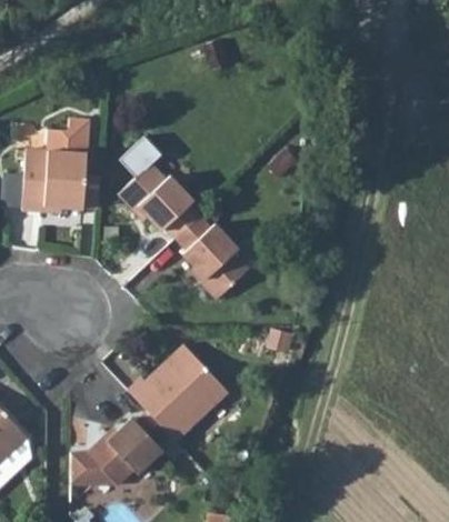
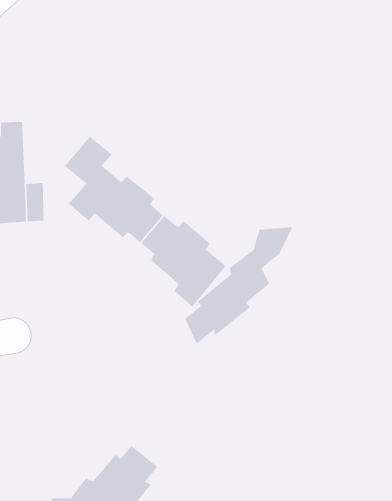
building: none -> [185,226,293,345]
building: [130,355,230,445] -> none

